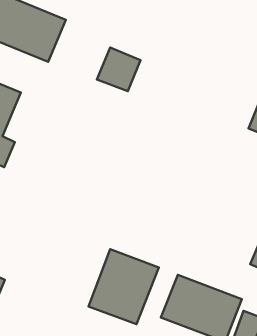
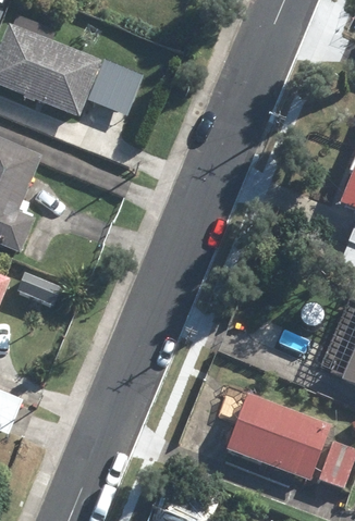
building: [97,48,140,91] -> [87,58,144,114]
building: [89,249,159,324] -> none

